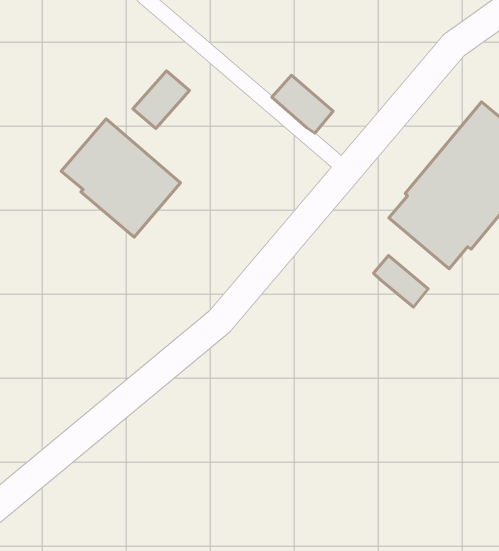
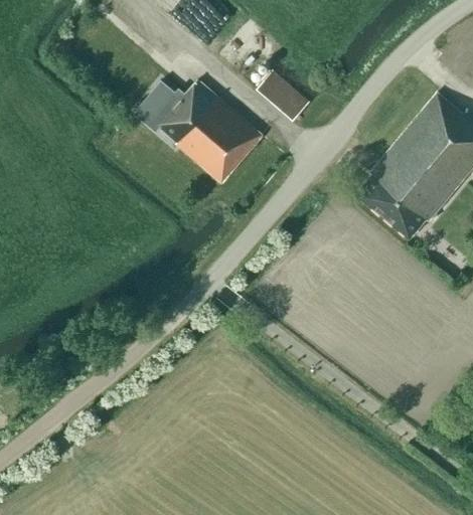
building: [61,119,180,237] -> [158,80,262,183]
building: [374,256,428,307] -> none

